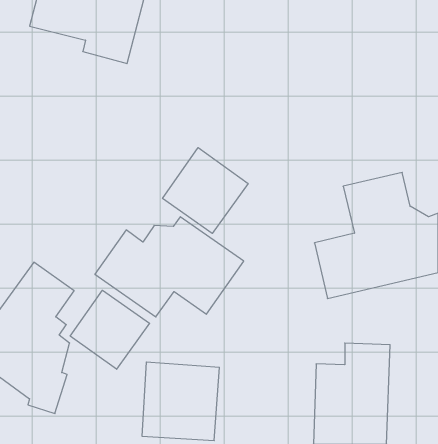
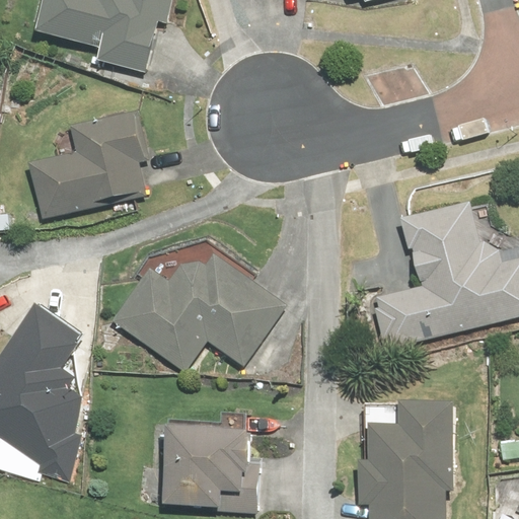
building: none -> [27,109,147,218]
building: [163,148,248,233] -> none
building: [70,290,150,369] -> none

